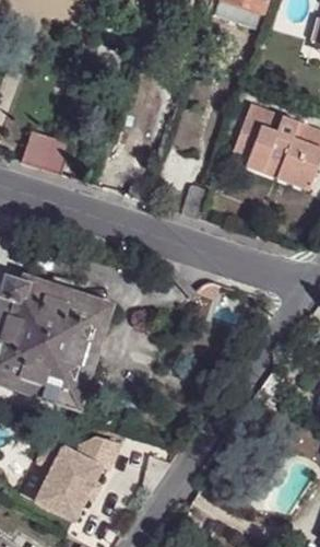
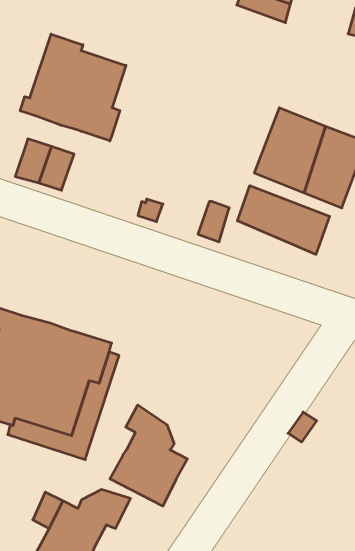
building: none -> [20,34,126,141]
building: none -> [237,186,330,254]
building: none -> [110,405,187,506]

